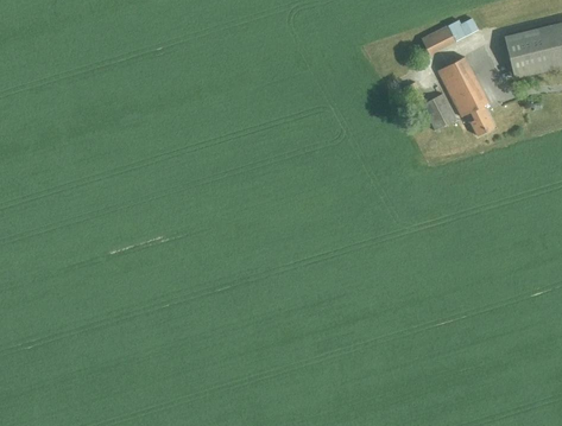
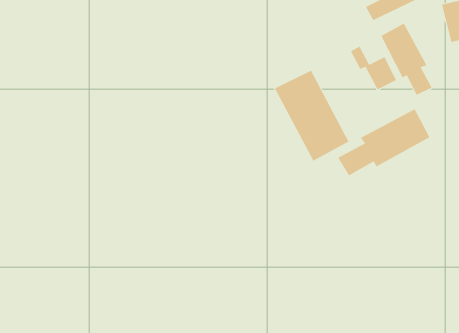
building: none -> [274,70,349,161]
building: none -> [338,109,430,176]

